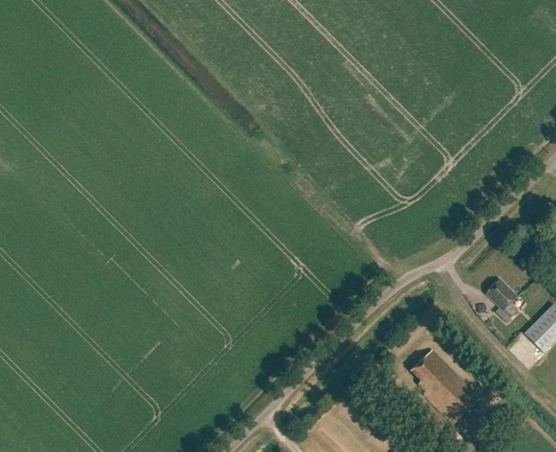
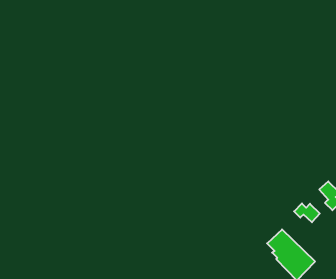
building: none -> [294,203,320,222]

